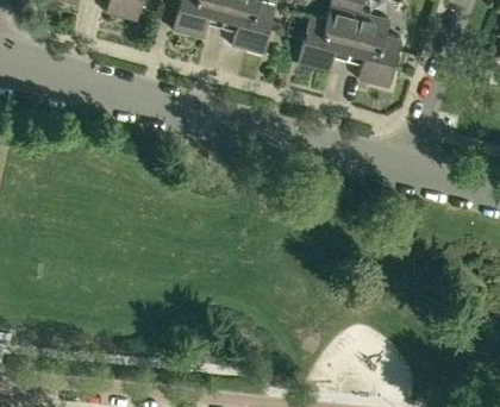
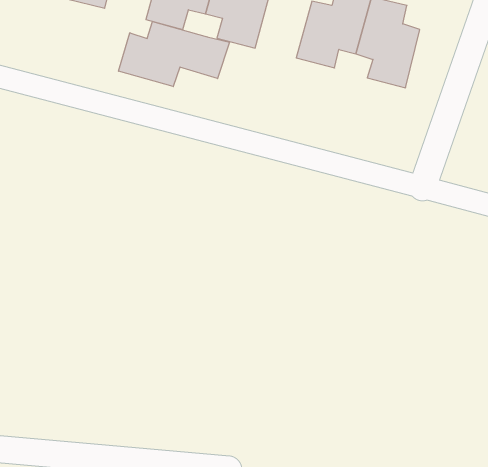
building: none -> [119,21,229,87]

